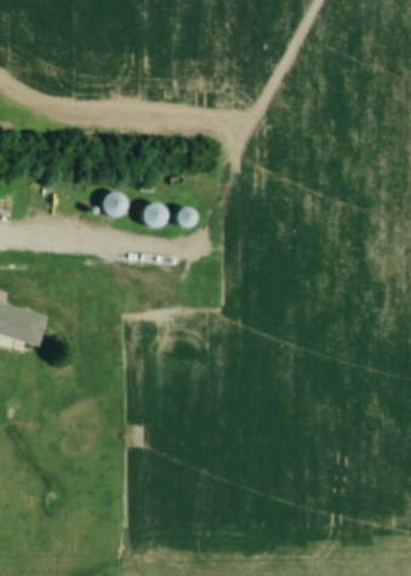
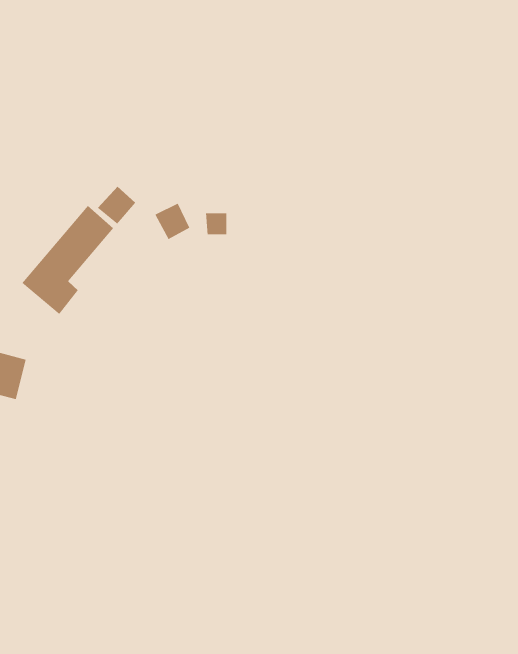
building: none -> [22,205,114,315]

